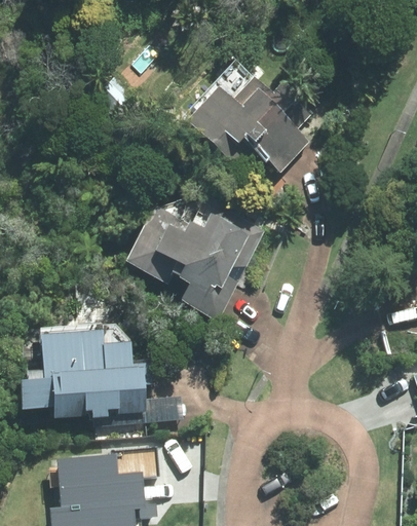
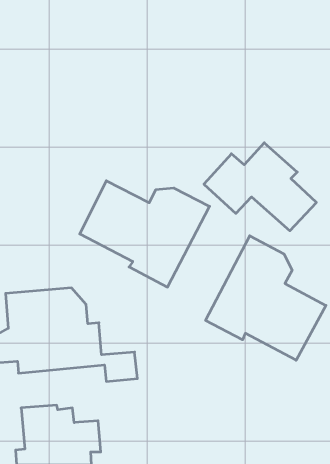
building: [187,74,313,173] -> [204,143,316,231]
building: none -> [206,236,326,360]

